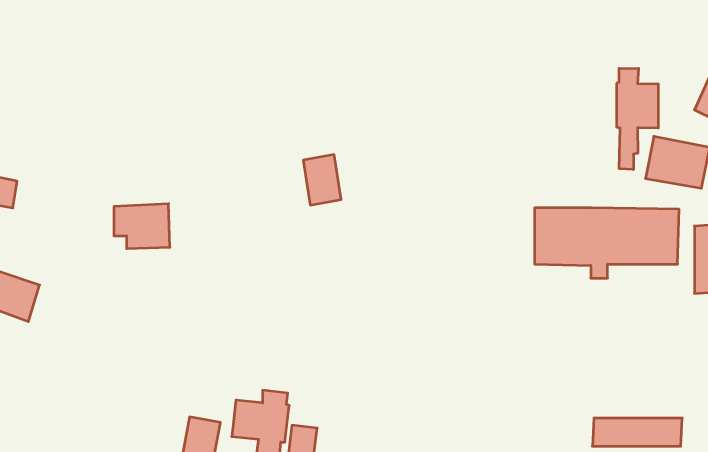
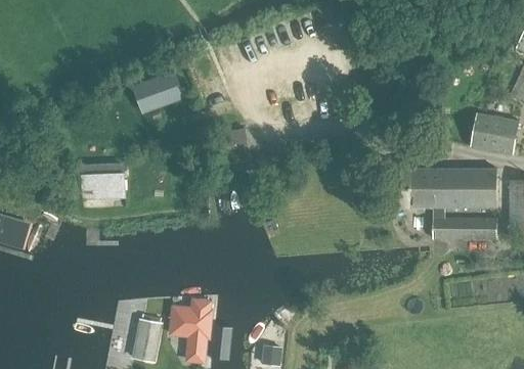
building: [617,68,658,170] -> none
building: none -> [134,73,183,105]
building: [592,418,682,446] -> [431,219,496,239]

